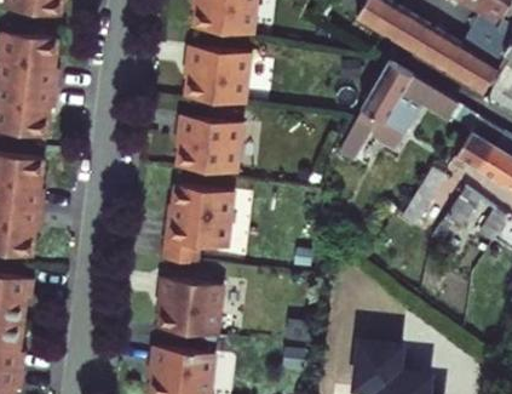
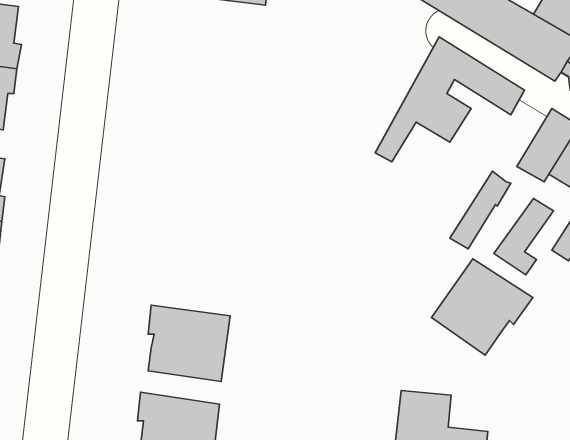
building: [184,46,249,104] -> none
building: [177,112,243,172] -> none
building: [162,182,235,261] -> none
building: none -> [432,259,533,355]

